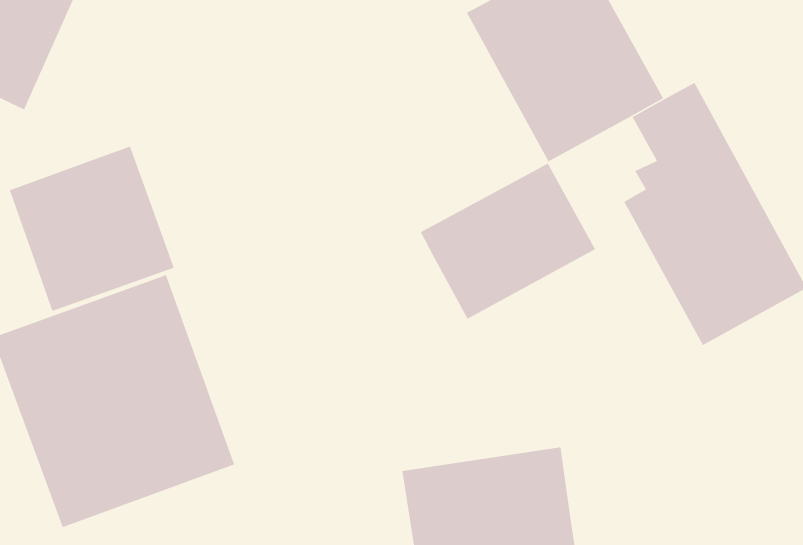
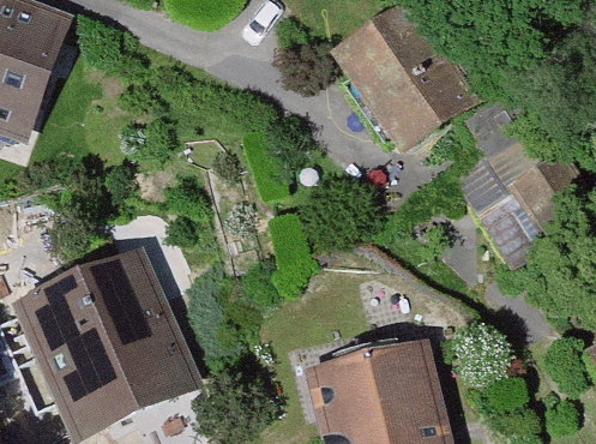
building: [9,145,175,312] -> none
building: [420,163,596,320] -> none

